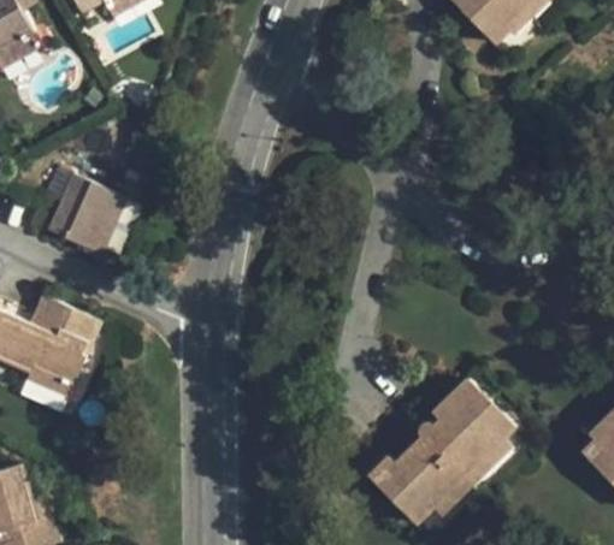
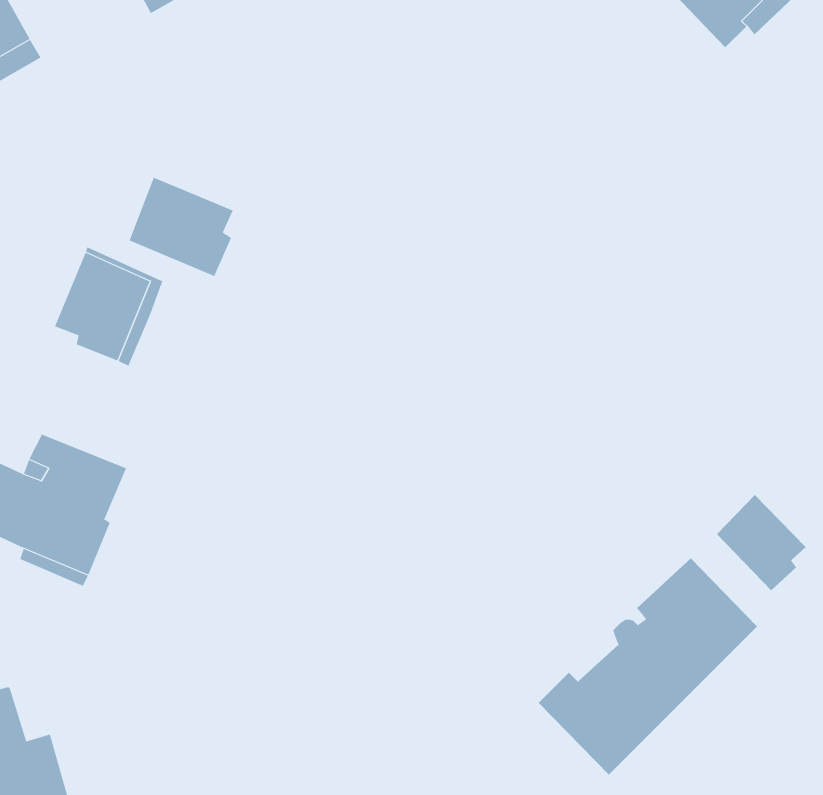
building: none -> [129,177,234,277]
building: none -> [716,494,806,591]

